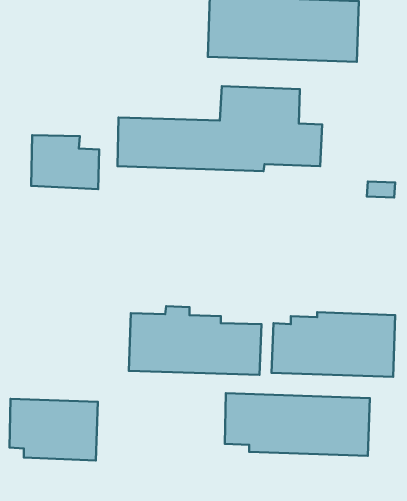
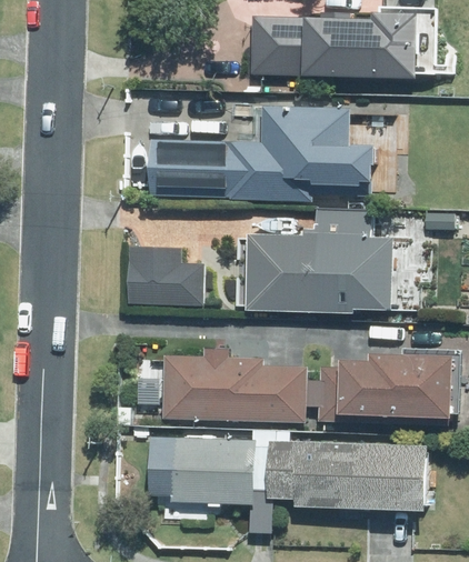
building: [31,135,99,189] -> [128,247,202,305]
building: none -> [245,208,393,314]
building: [10,399,98,461] -> [157,435,253,503]

